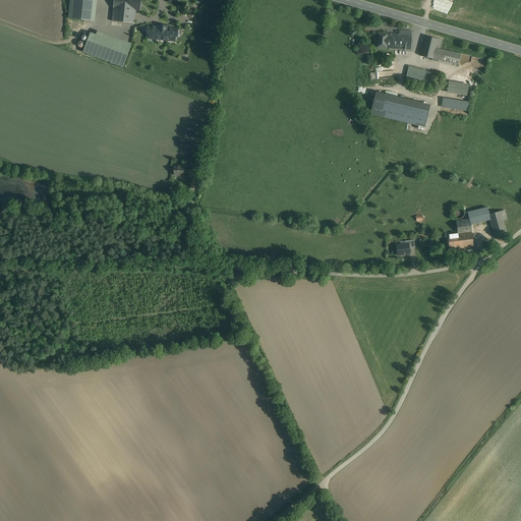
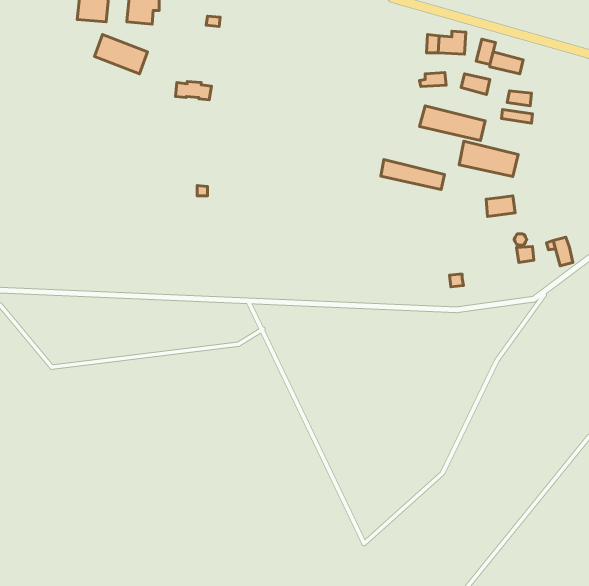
building: [147,23,178,40] -> [176,81,211,100]
building: none -> [459,141,518,177]
building: none -> [381,160,445,190]
building: [448,230,473,248] -> [486,196,515,216]

